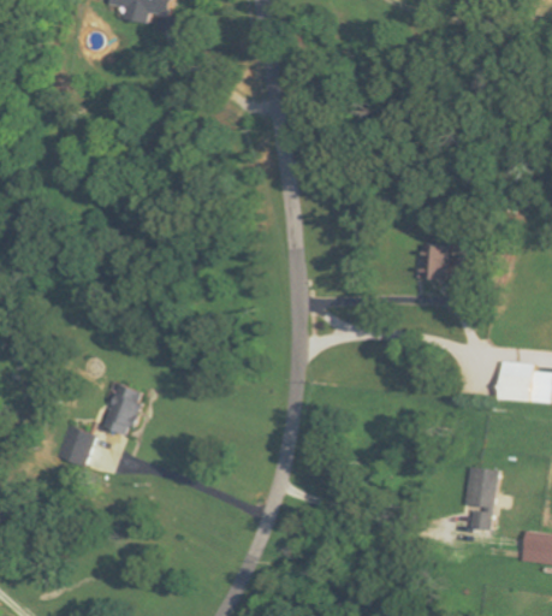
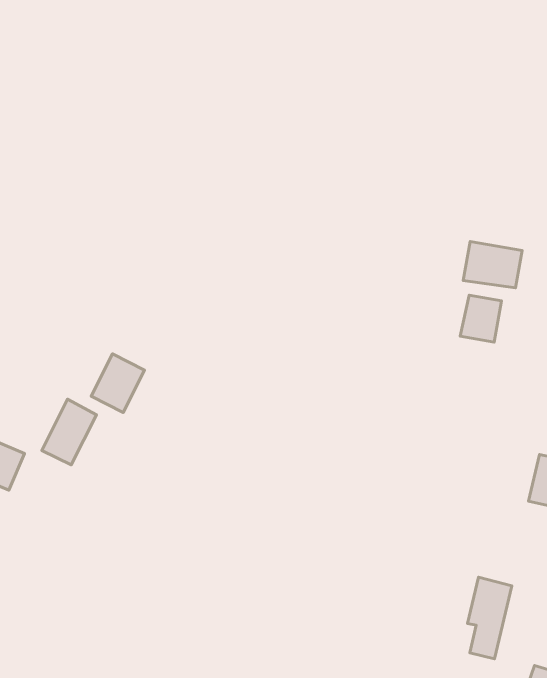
building: none -> [463,241,522,288]
building: none -> [91,354,144,412]

